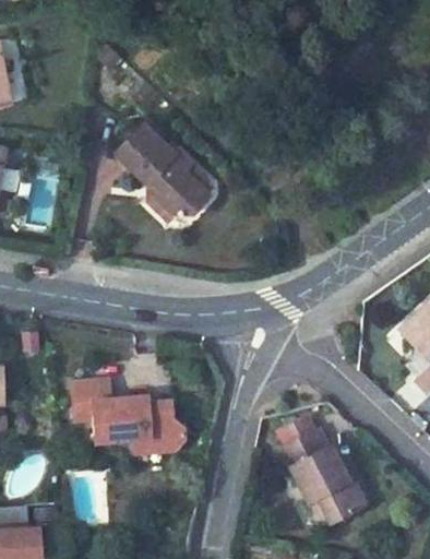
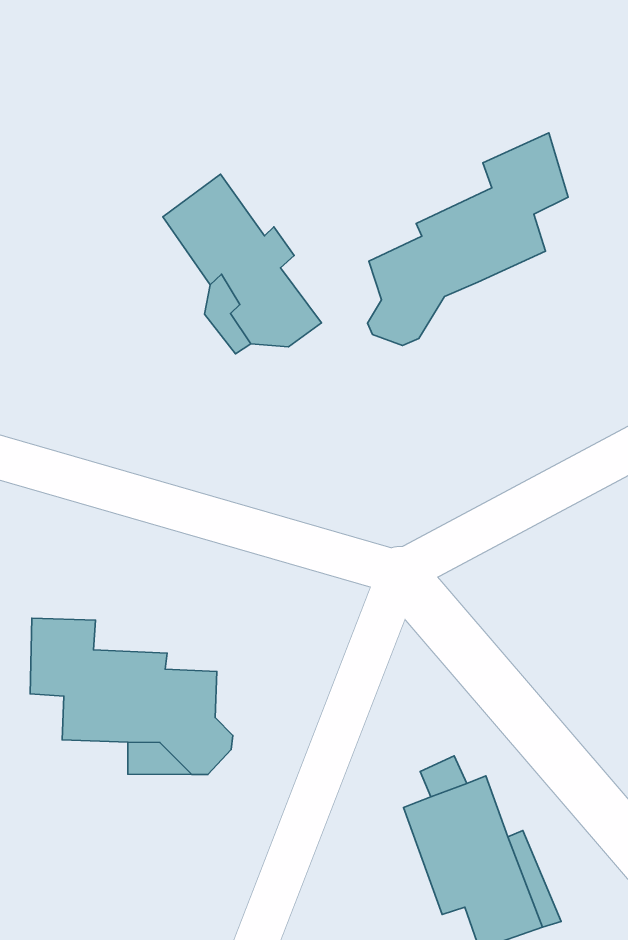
building: none -> [367,133,568,346]

